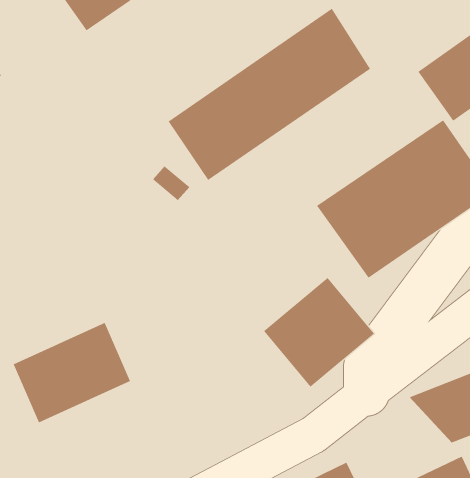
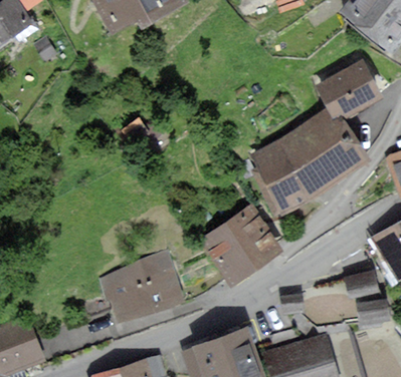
building: [168,8,371,181] -> none
building: [13,322,131,423] -> [105,257,180,317]

